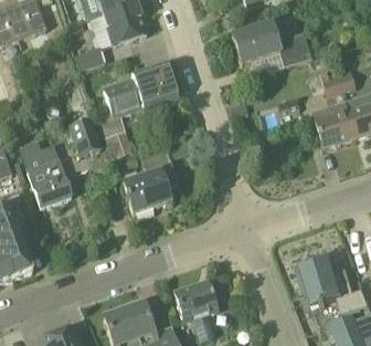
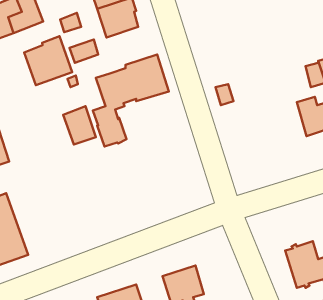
building: [232,20,312,65] -> none
building: none -> [24,36,72,85]
building: [124,148,179,212] -> none
building: [28,151,72,206] -> none

